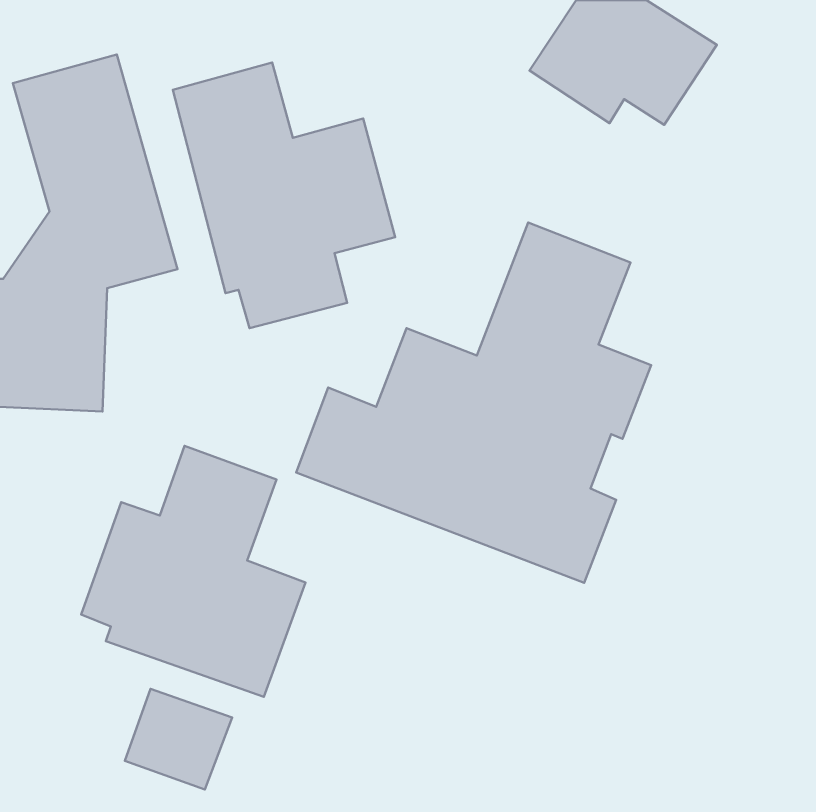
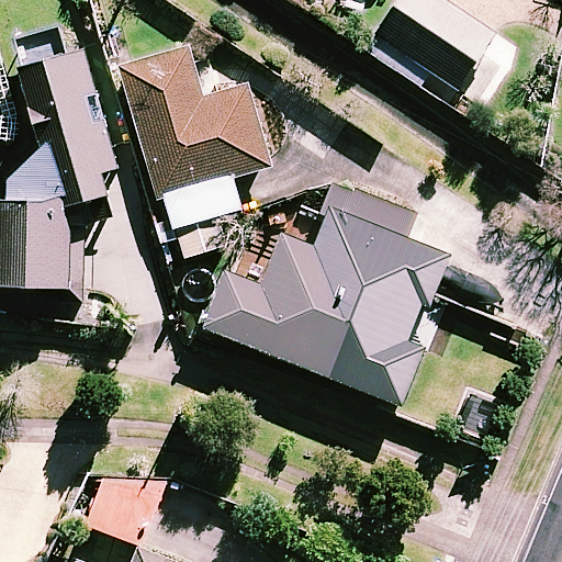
building: [81,446,305,697] -> none

